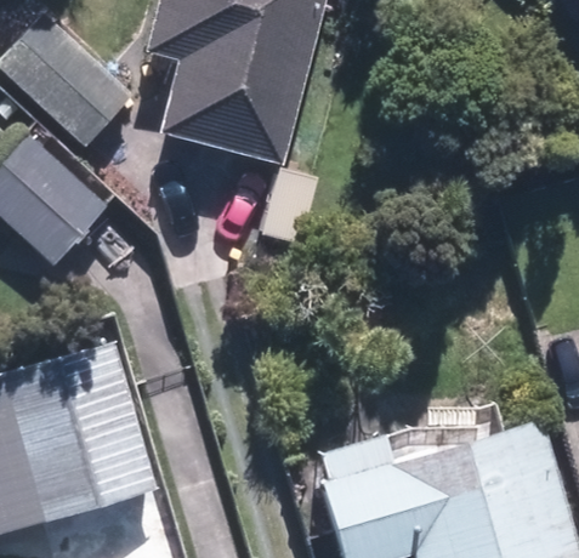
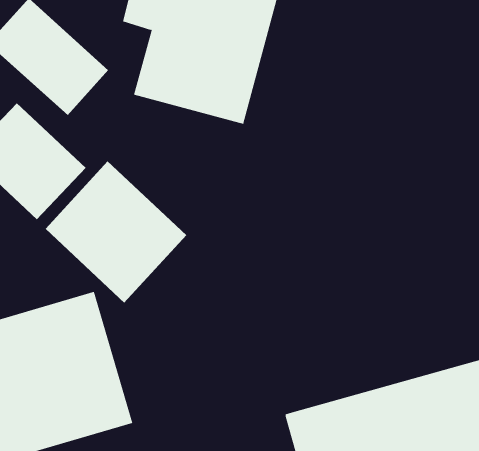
building: none -> [45,161,187,304]

